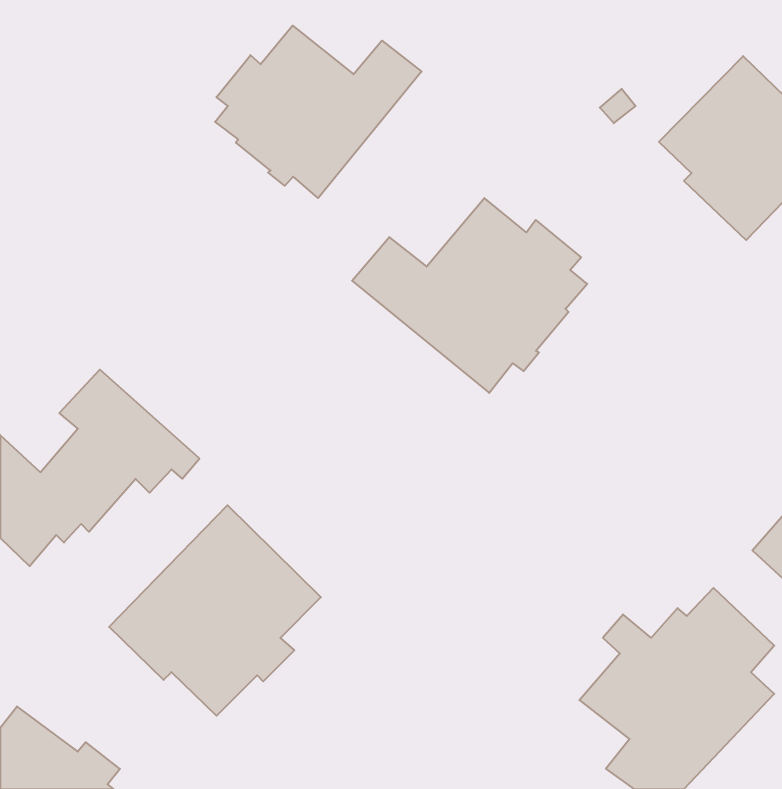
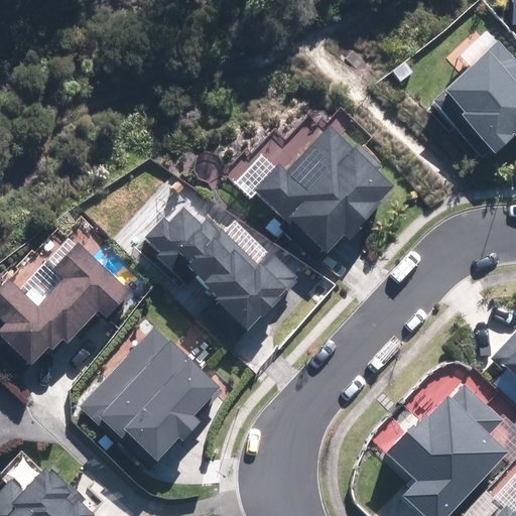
building: [215,26,422,198] -> none
building: none -> [144,206,302,331]

